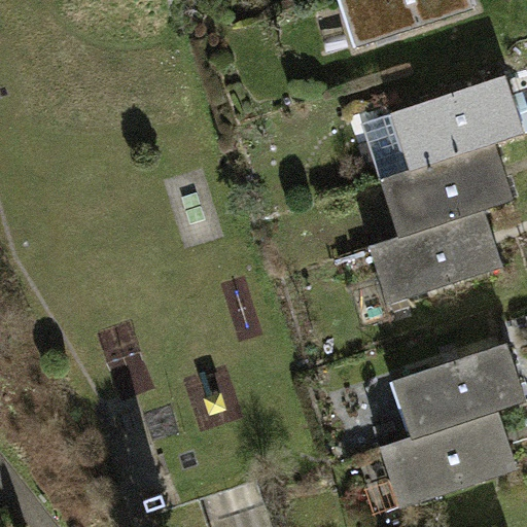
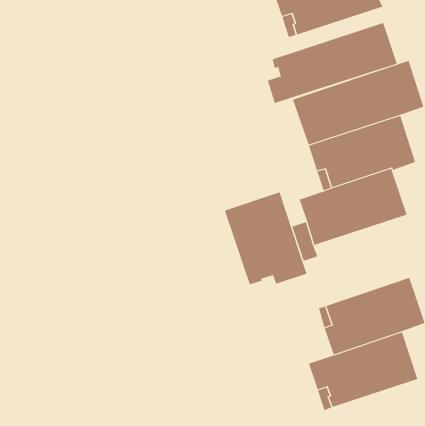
building: none -> [267,22,397,104]
building: none -> [224,192,307,285]

